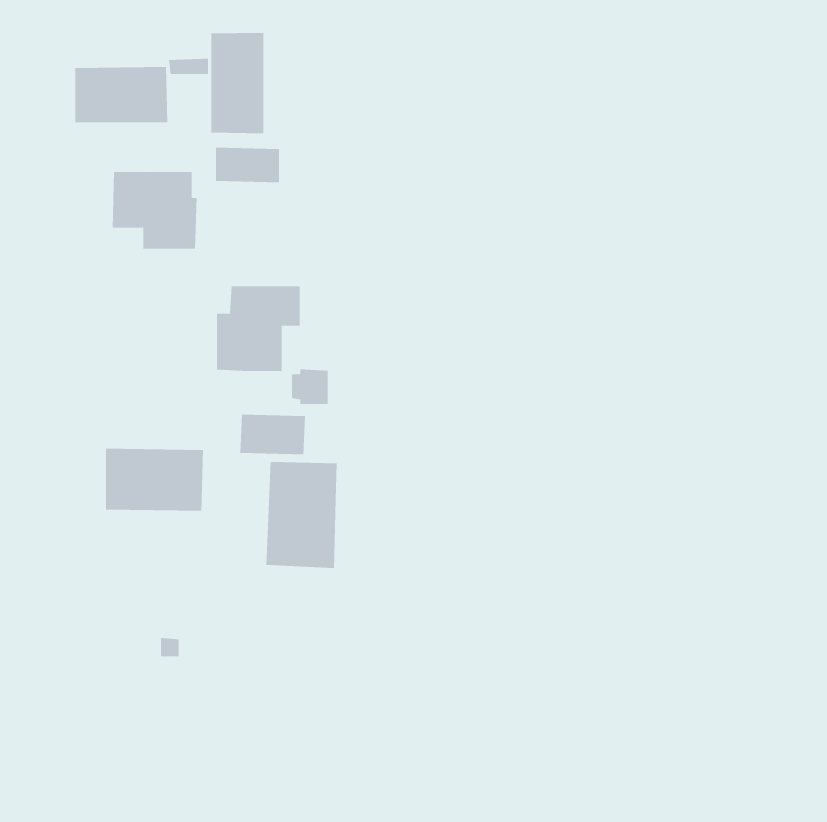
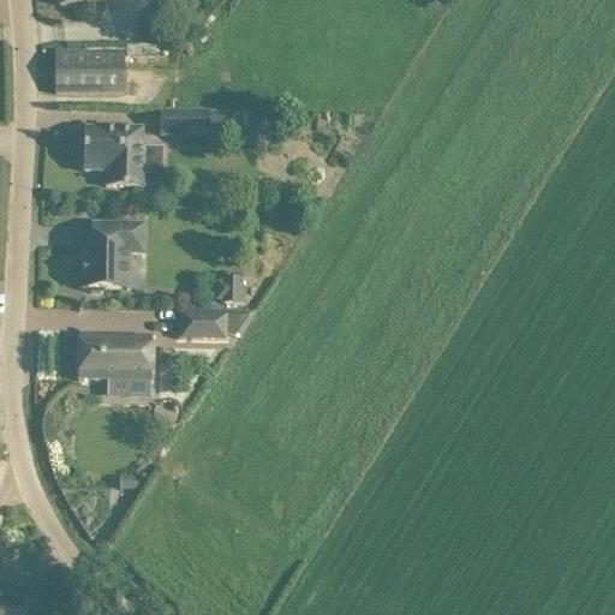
building: [211,32,264,134] -> none
building: [216,286,300,371] -> [82,223,144,287]
building: [266,461,337,569] -> none

